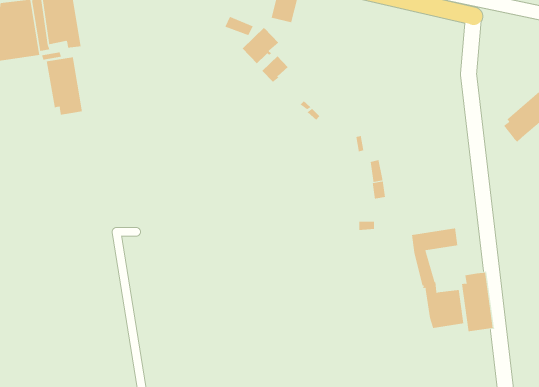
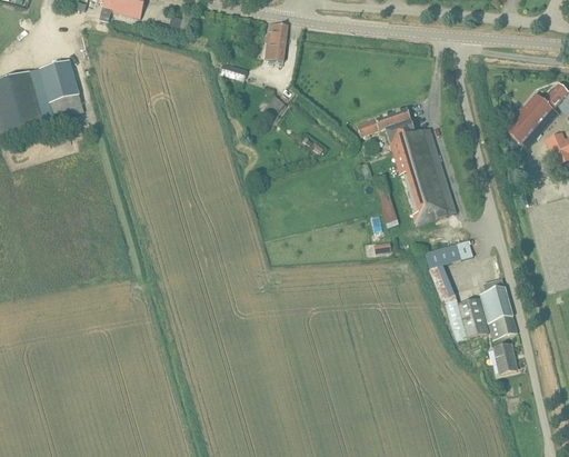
building: [242,27,279,64] -> none
building: [46,56,83,115] -> none
building: none -> [357,107,457,223]
building: none -> [493,342,517,372]

